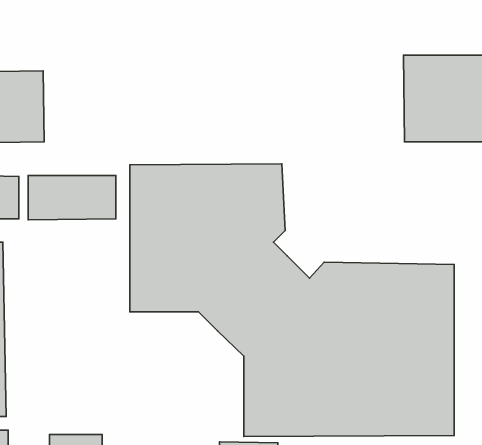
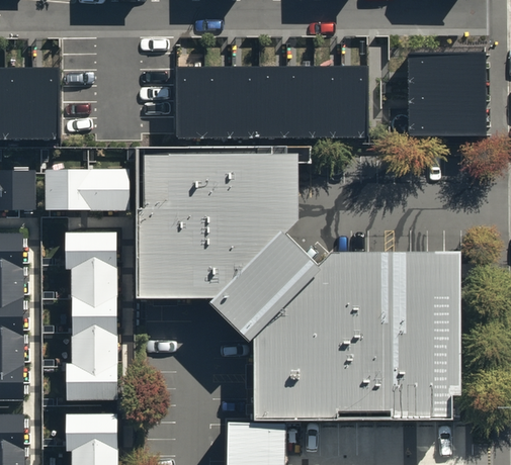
building: none -> [176,67,368,136]
building: none -> [65,231,117,401]

